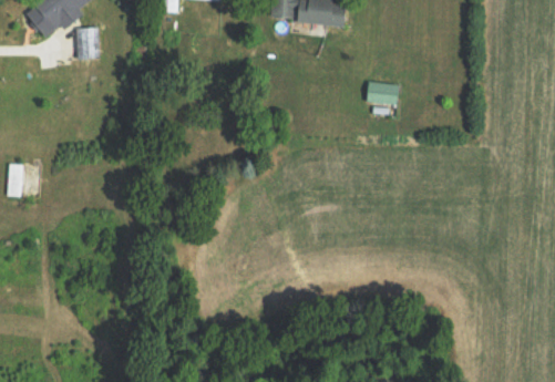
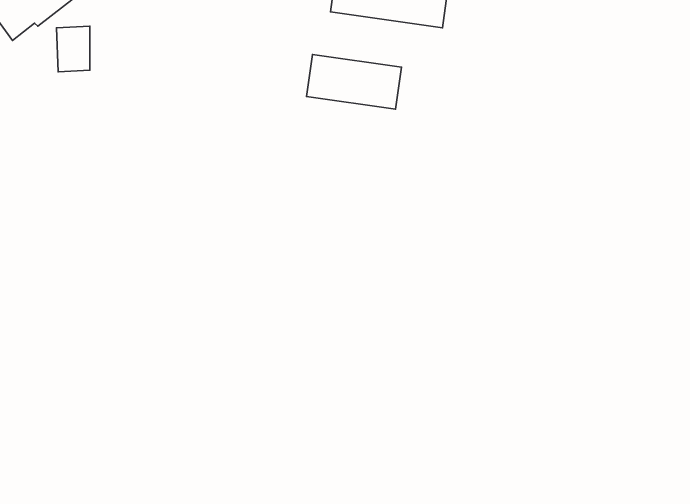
building: none -> [307,55,401,109]
building: [367,82,399,104] -> none

